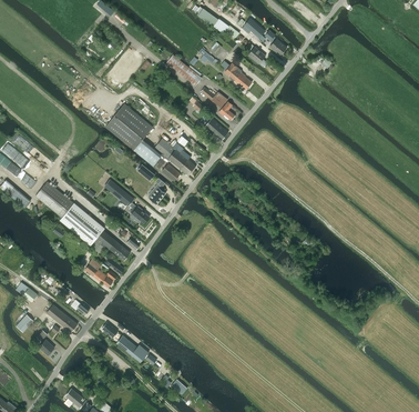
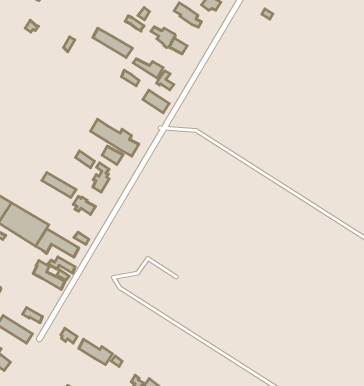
building: [105,104,162,167] -> none

